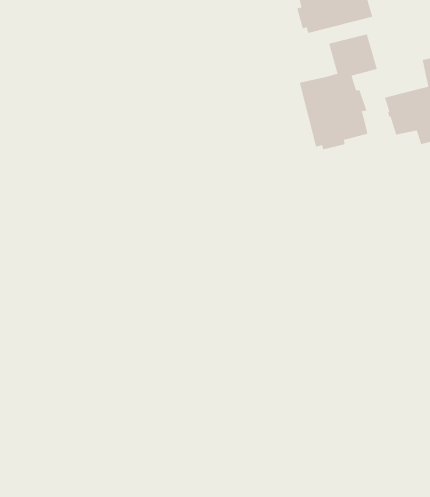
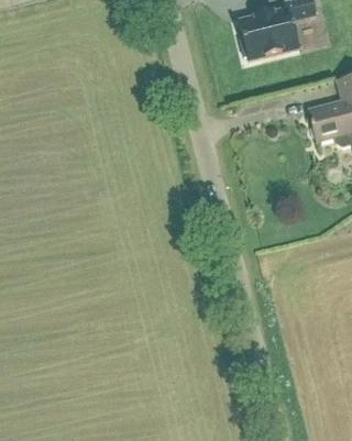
building: [299,34,377,150] -> none

